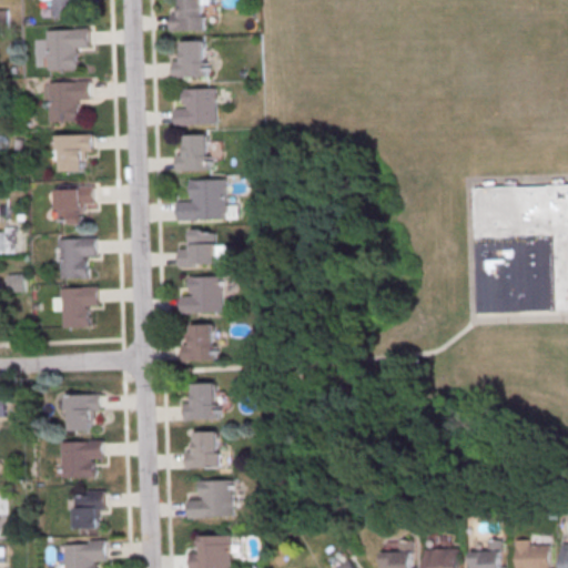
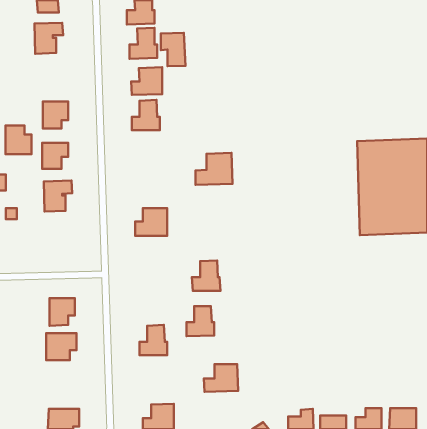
building: none -> [161,33,185,66]
building: [47,82,89,120] -> none
building: none -> [6,126,32,154]
building: [176,179,225,221] -> [195,153,232,185]
building: [179,227,215,267] -> none
building: [59,287,97,328] -> none
building: [180,322,217,362] -> [192,260,220,291]
building: [182,382,219,422] -> [187,306,214,336]
building: [186,481,232,518] -> [204,364,238,392]
building: [71,493,104,530] -> none

